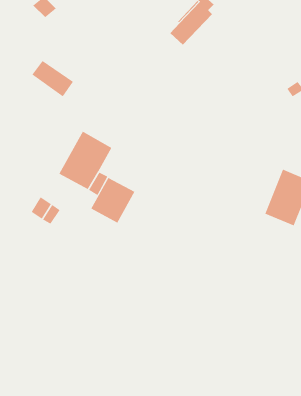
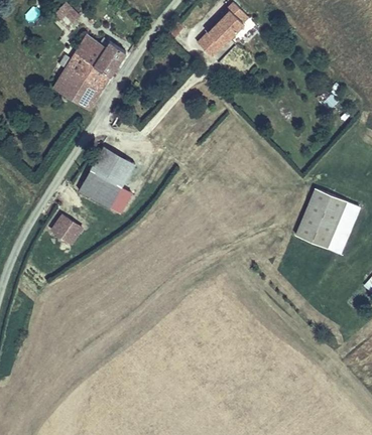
building: none -> [64,37,126,95]
building: [90,177,135,224] -> none

